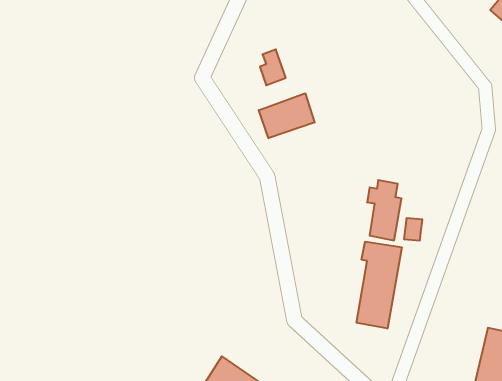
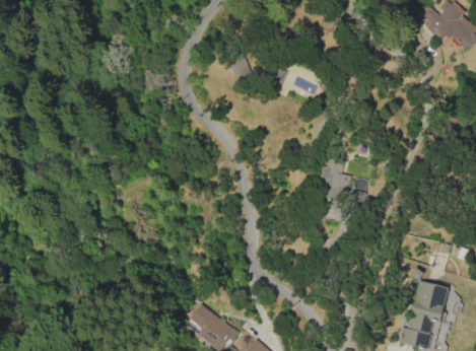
building: [259,93,315,138] -> none
building: [357,242,402,329] -> none

